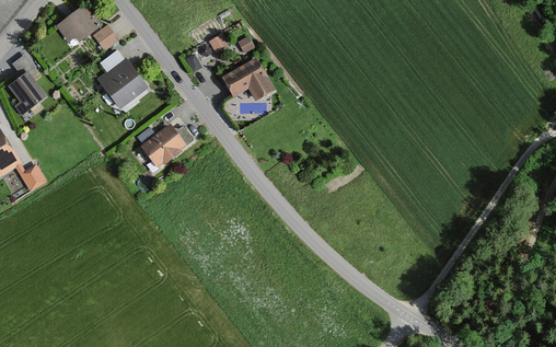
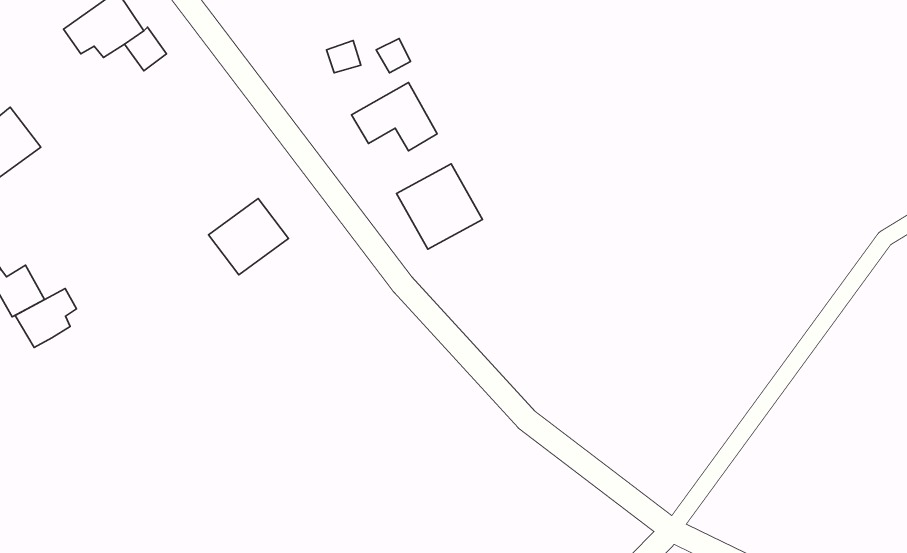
building: [97,49,150,112] -> none
building: none -> [396,164,483,249]
building: none -> [15,288,77,348]

